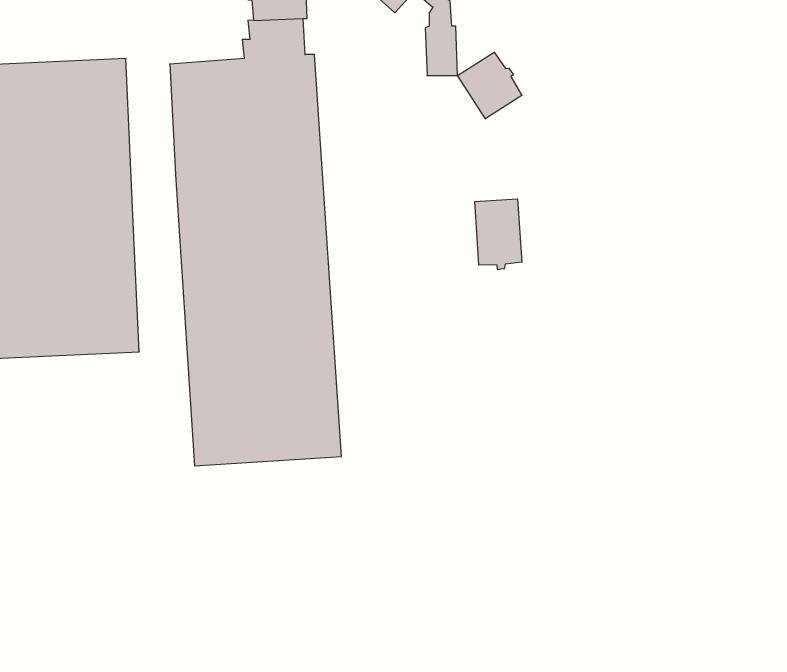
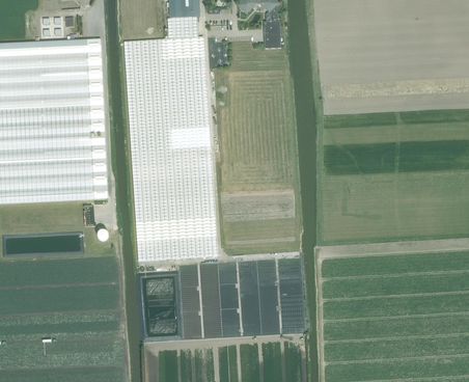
building: [458,52,522,119] -> none
building: [475,199,522,270] -> none

